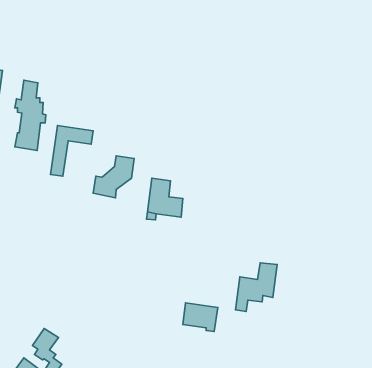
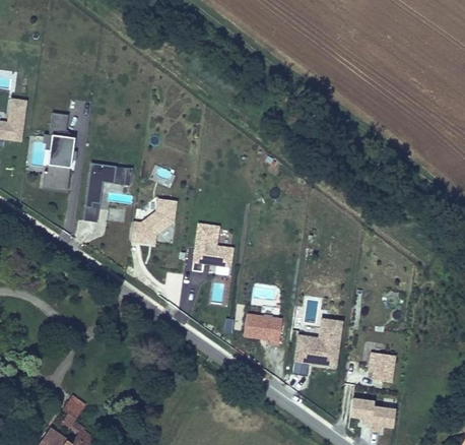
building: none -> [368,352,396,382]
building: [183,303,218,331] -> [244,312,283,344]
building: none -> [349,396,395,426]

